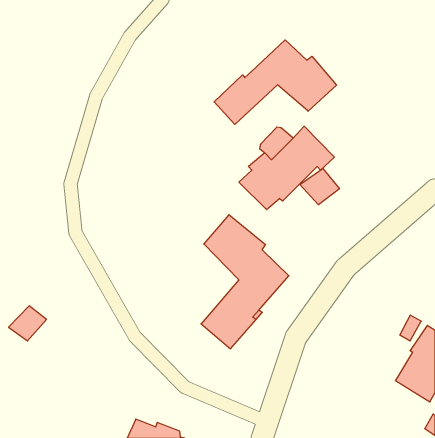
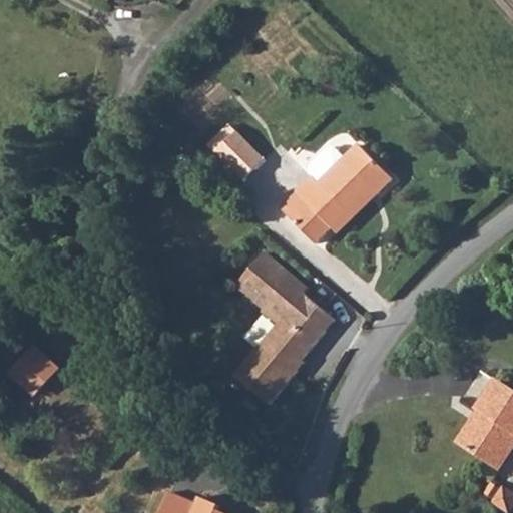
building: [214,40,337,124] -> none
building: none -> [205,121,263,178]
building: [300,169,339,205] -> none

